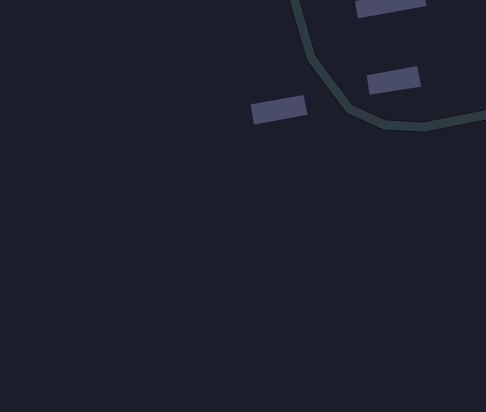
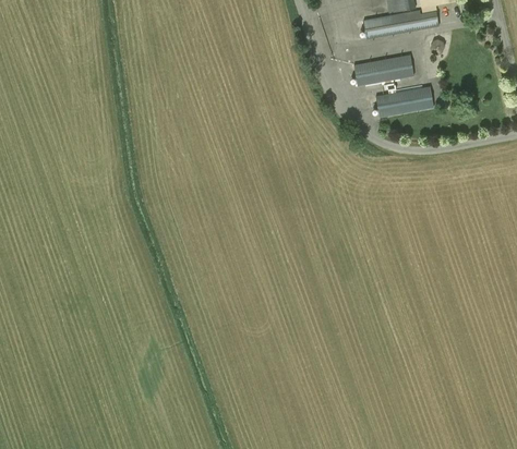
building: [250,95,308,125] -> [354,54,414,86]

